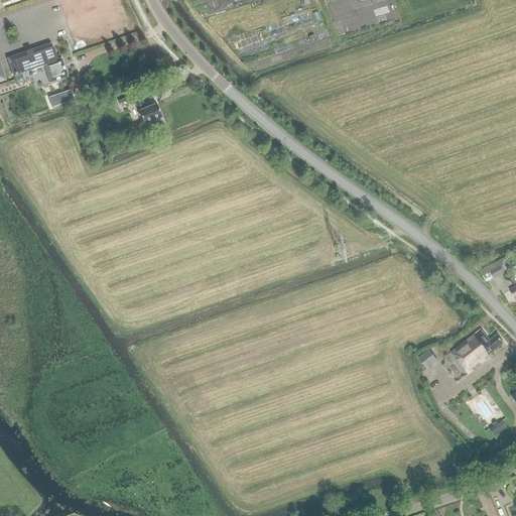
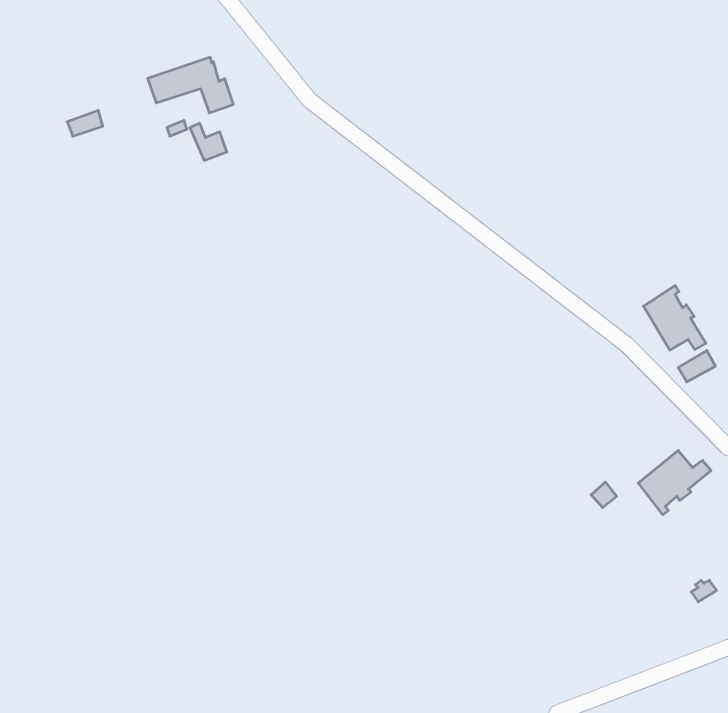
building: [6,42,67,82] -> [148,57,233,113]
building: none -> [643,286,706,350]

